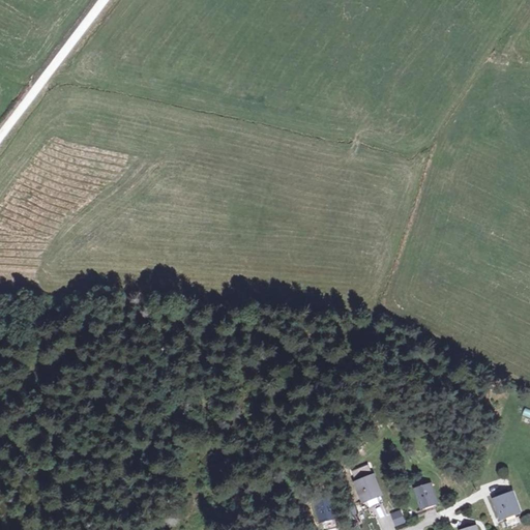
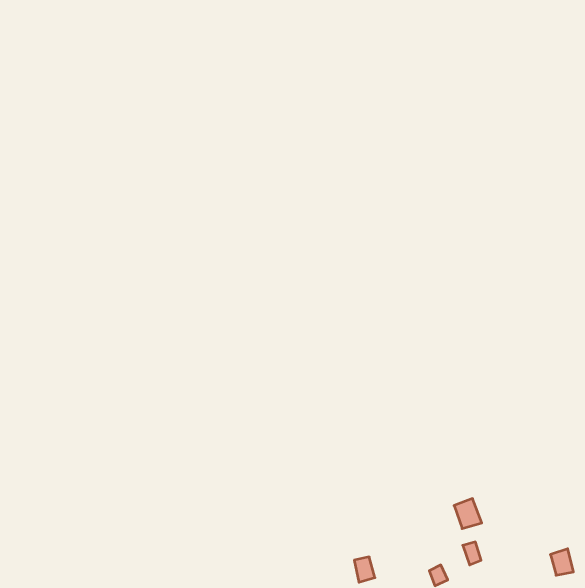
building: [355,474,380,501] -> [454,499,482,529]

